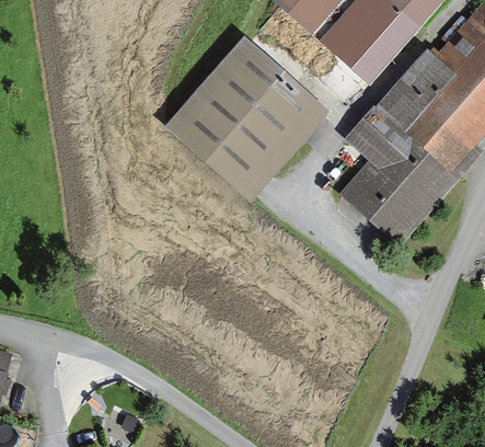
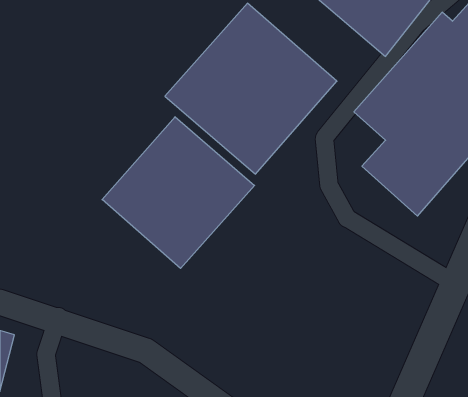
building: none -> [102,117,255,268]

